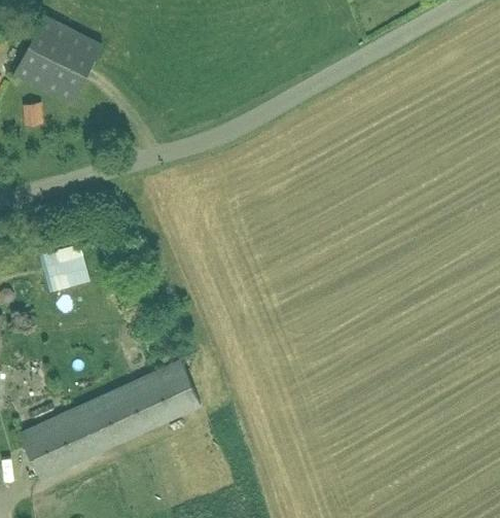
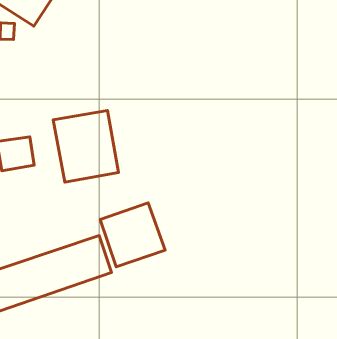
building: none -> [53,110,118,182]
building: none -> [100,203,165,267]

